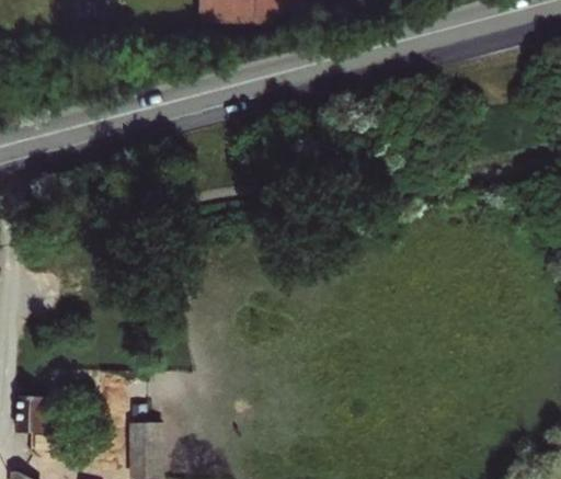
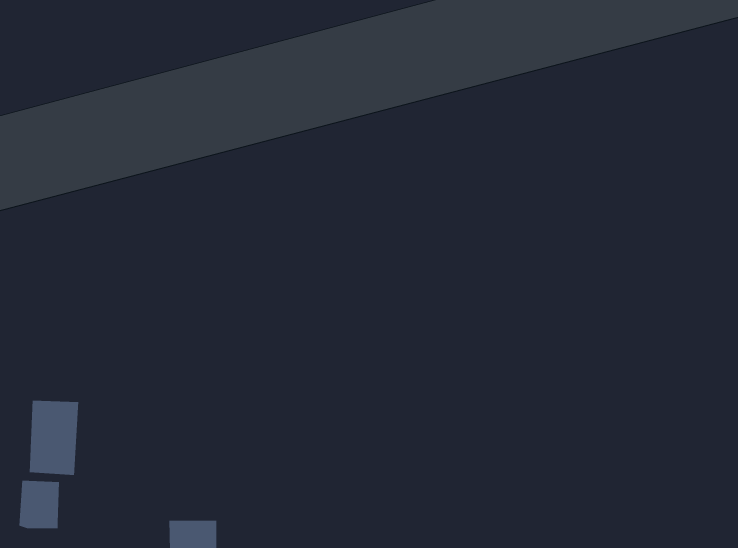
building: none -> [29,400,79,476]

